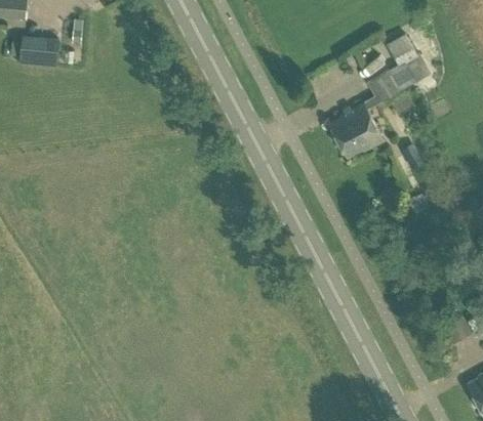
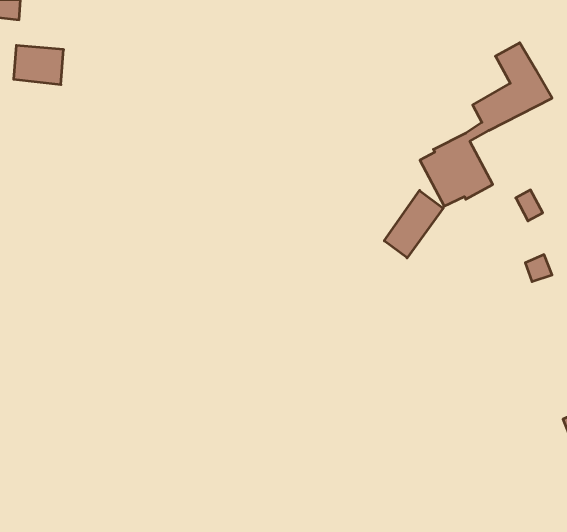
building: none -> [384,190,443,258]

